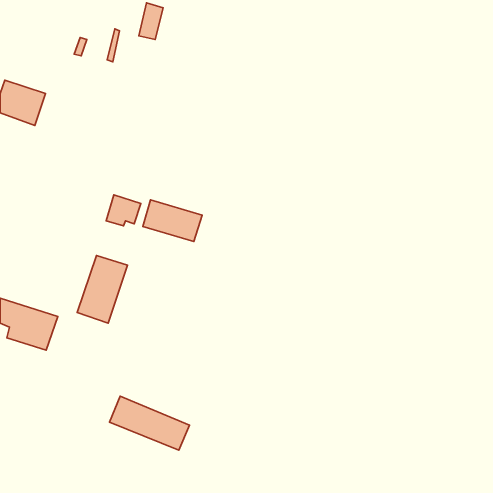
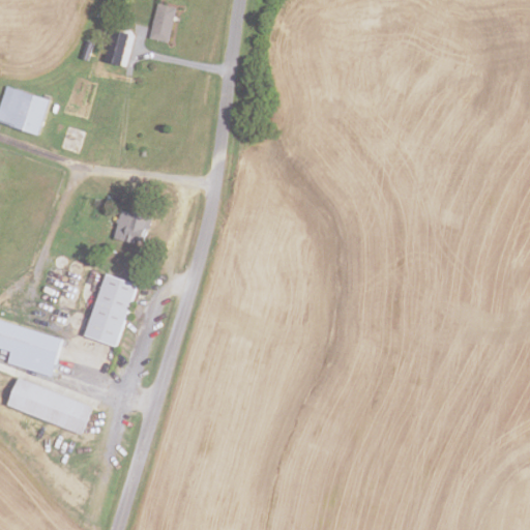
building: [143,200,202,242] -> none
building: [109,396,189,450] -> [6,377,92,435]

